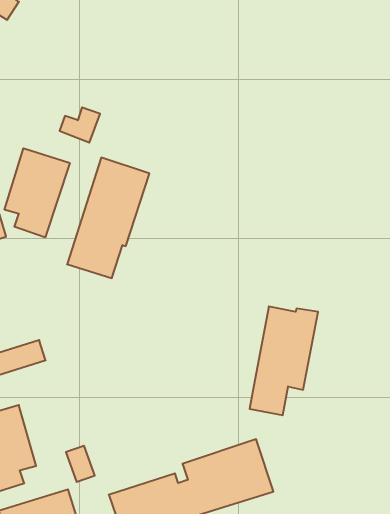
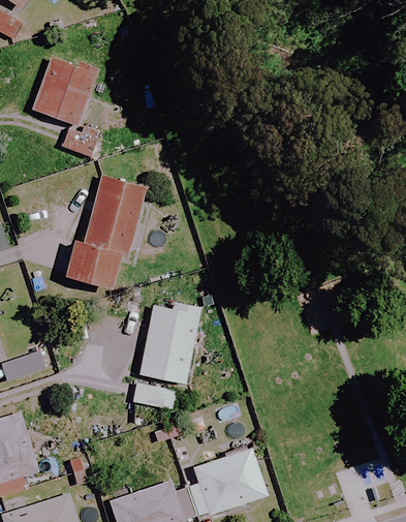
building: none -> [33,58,96,126]
building: [5,148,70,237] -> none
building: [250,306,318,415] -> [134,303,200,408]

